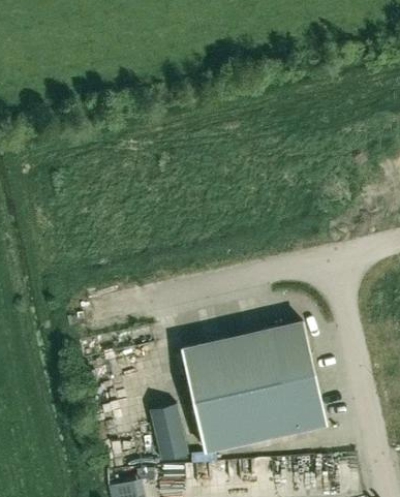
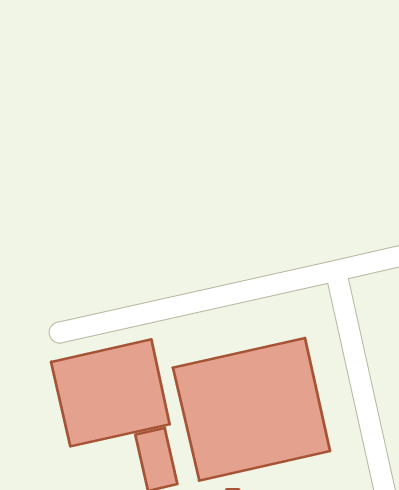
building: none -> [51,339,170,446]

